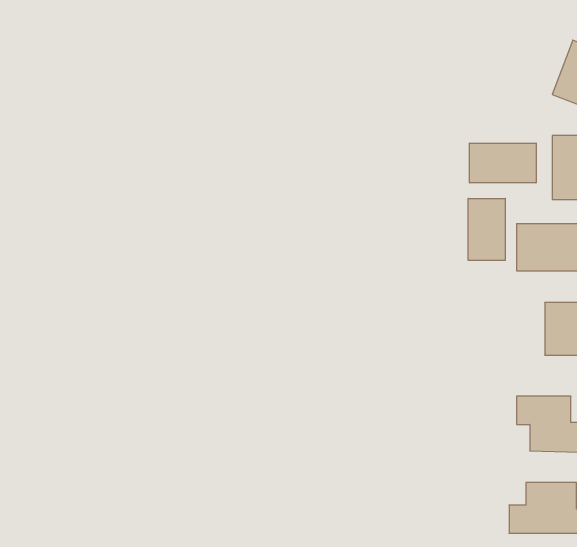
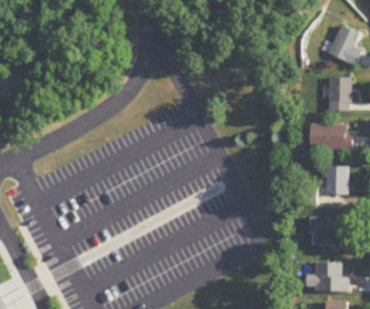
building: [470,143,536,183] -> none
building: [468,198,505,260] -> none

